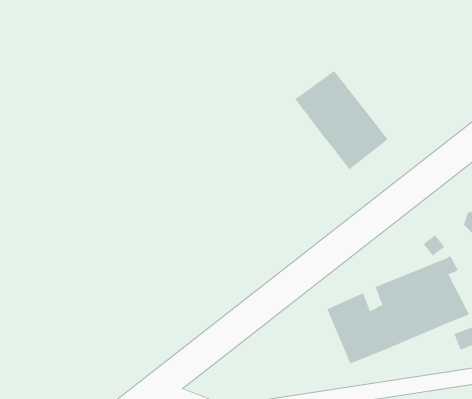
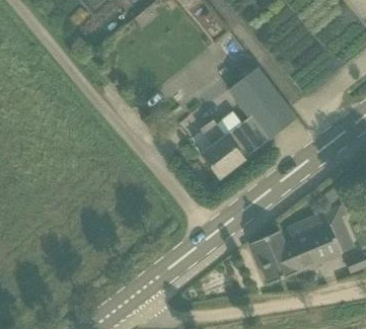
building: none -> [200,117,267,177]

